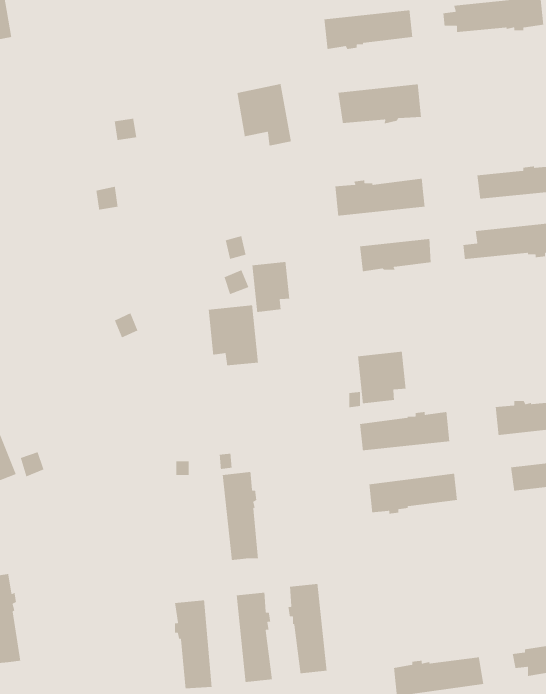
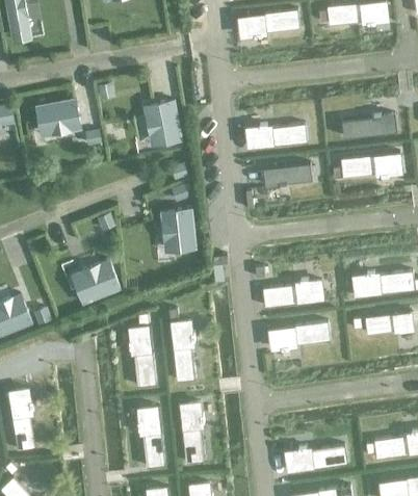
building: [236,83,292,146] -> [145,101,182,143]
building: [338,84,422,124] -> none
building: none -> [36,100,81,135]
building: [252,261,290,313] -> none
building: [357,351,407,404] -> none
building: none -> [78,261,121,304]
building: [287,583,328,674] -> [129,327,156,388]

